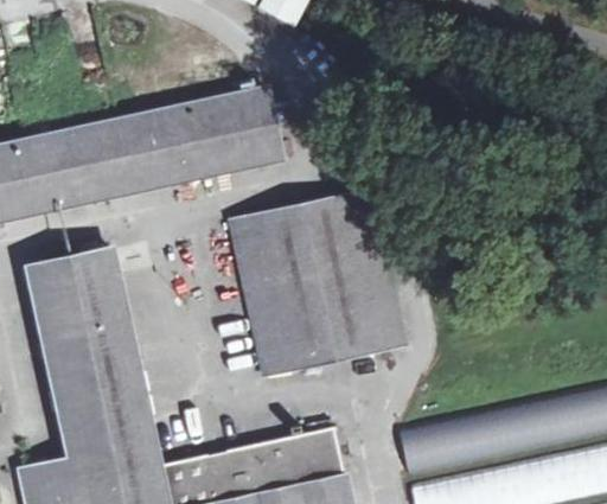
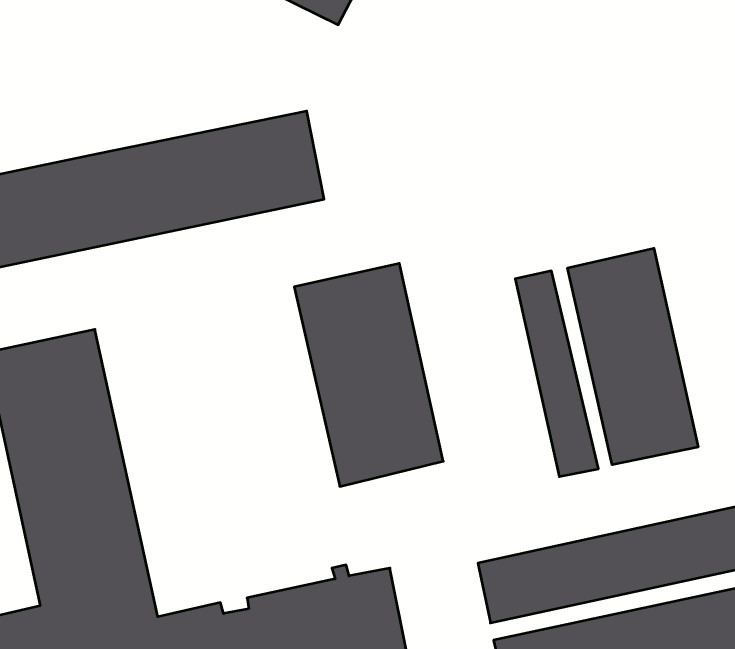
building: none -> [568,248,698,465]
building: [340,198,403,353] -> [515,271,598,477]
building: [231,222,295,378] -> none

